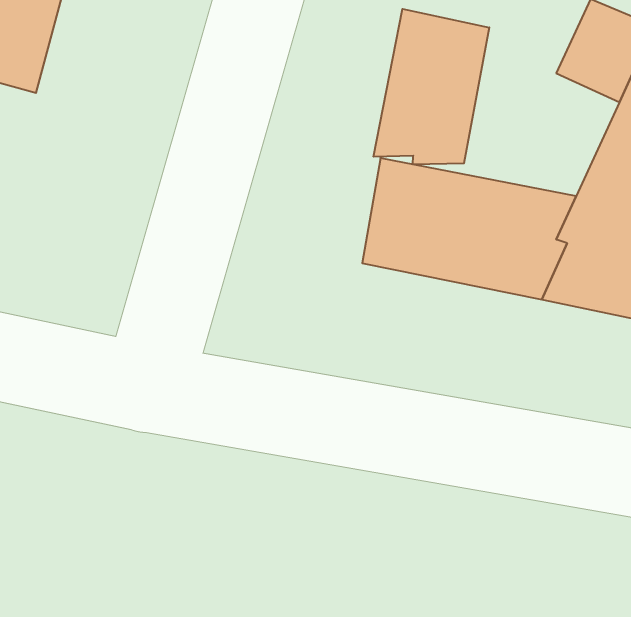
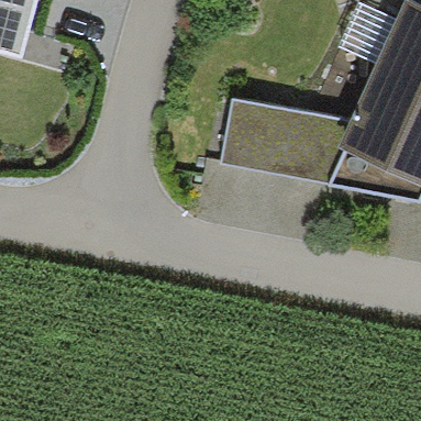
building: [374,9,489,164] -> none

